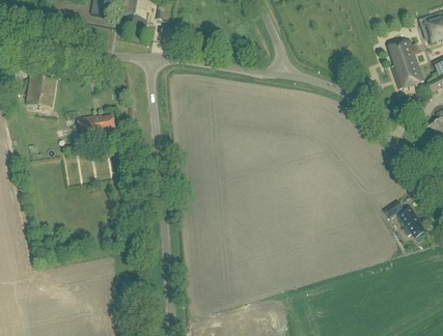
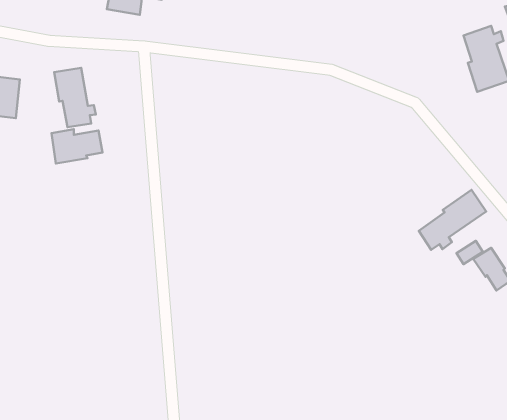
building: none -> [54,68,96,127]
building: none -> [419,190,486,250]

